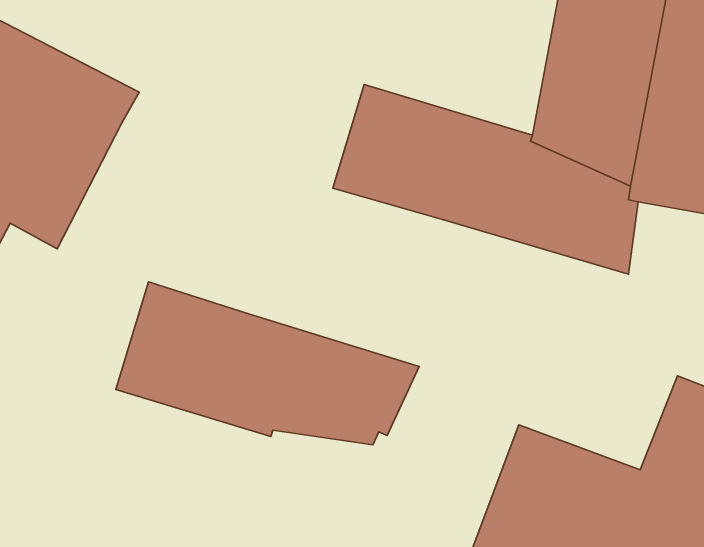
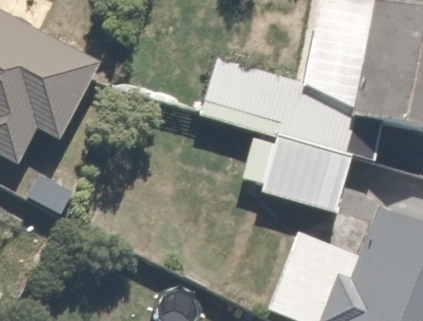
building: none -> [242,126,352,213]
building: [116,282,419,445] -> none

